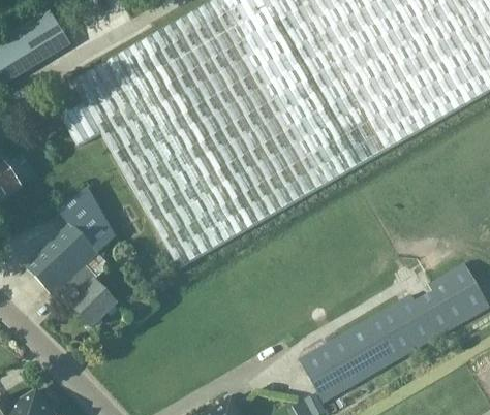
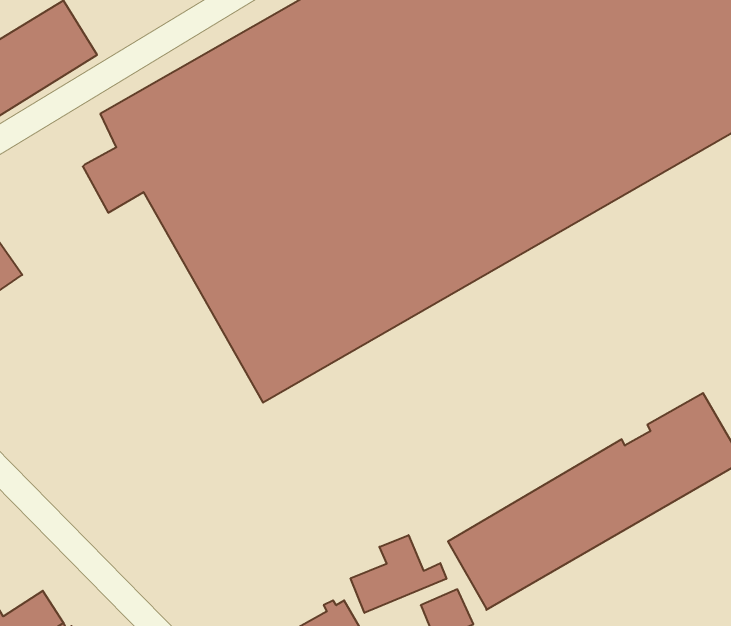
building: [25,187,119,327] -> none
building: none -> [351,535,446,613]

